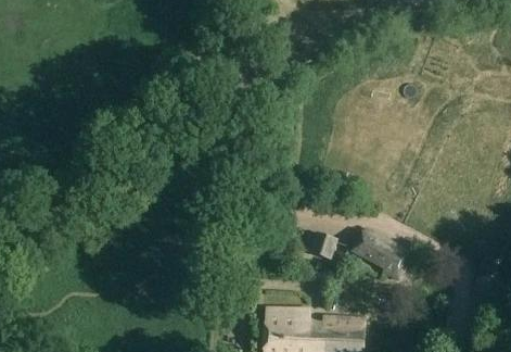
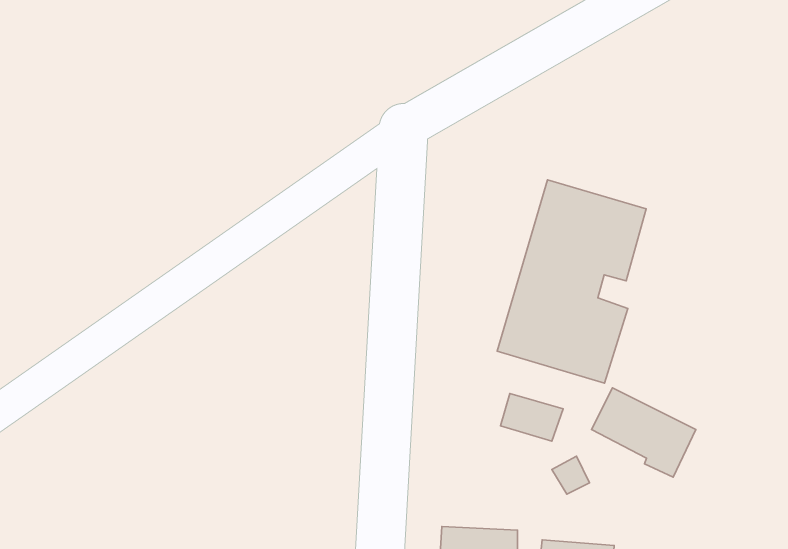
building: none -> [497,180,646,383]

